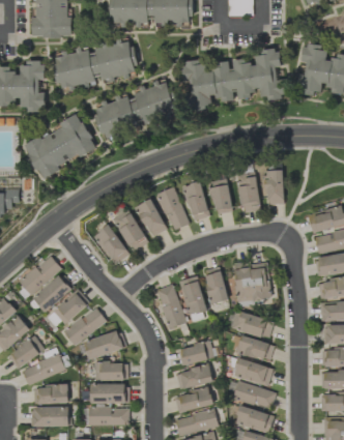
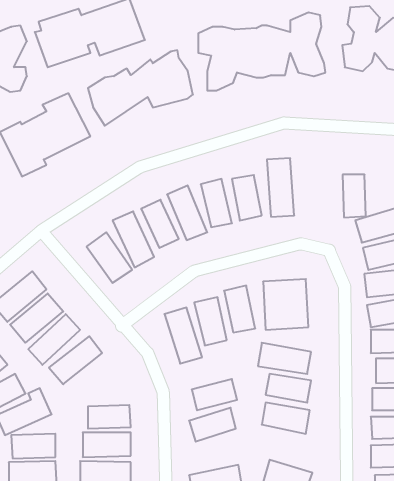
building: [265,170,284,204] -> [343,175,366,217]
building: [84,329,125,359] -> none
building: [232,381,275,408] -> none
building: [174,388,212,411] -> none

